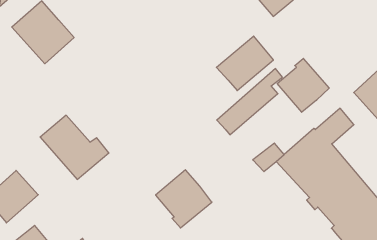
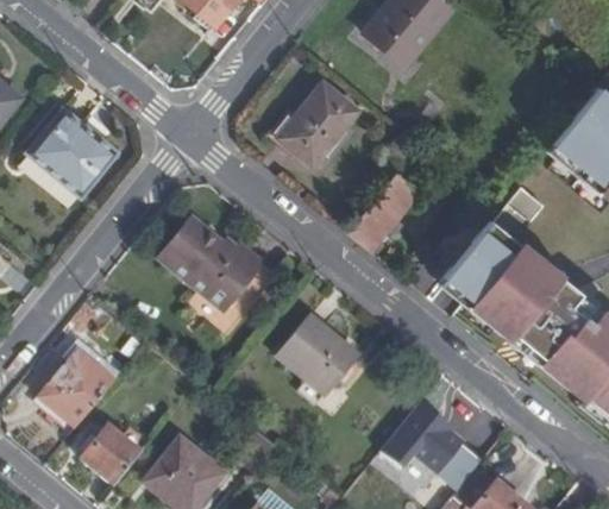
building: [216,36,273,91] -> [275,82,356,165]
building: [277,58,329,112] -> none
building: [40,115,109,179] -> [158,222,262,313]

